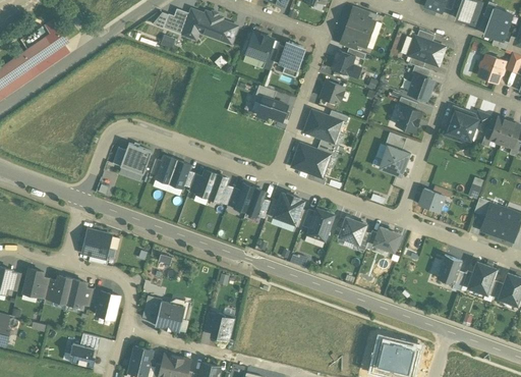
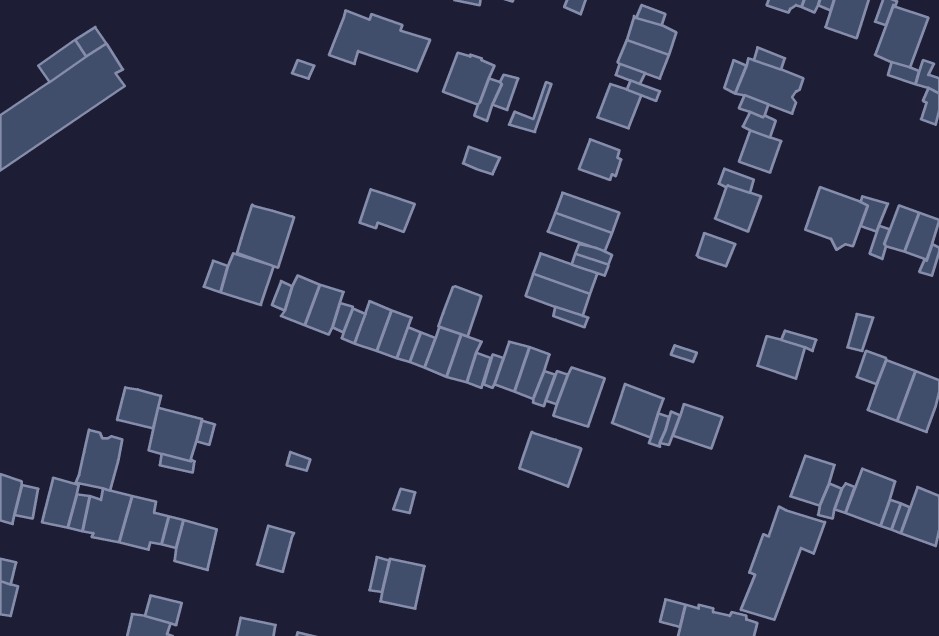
building: [164,8,190,34] -> none
building: [281,41,303,69] -> none
building: [479,55,504,80] -> none
building: [257,97,288,120] -> [360,189,415,232]
building: none -> [237,205,294,268]
building: [380,146,411,175] -> none
building: none -> [438,286,481,337]
building: none -> [117,387,161,428]
building: none -> [76,430,122,491]
building: none -> [520,432,581,487]
building: none -> [741,507,825,620]
building: [156,301,190,332] -> none

